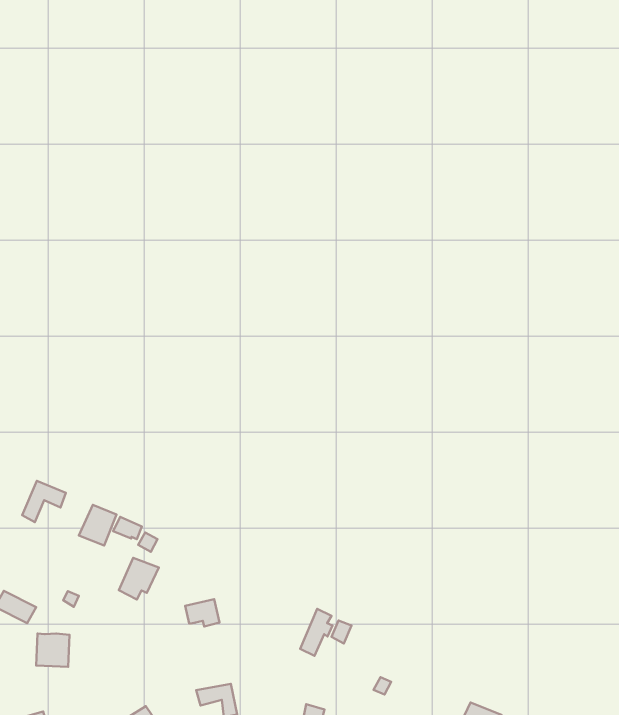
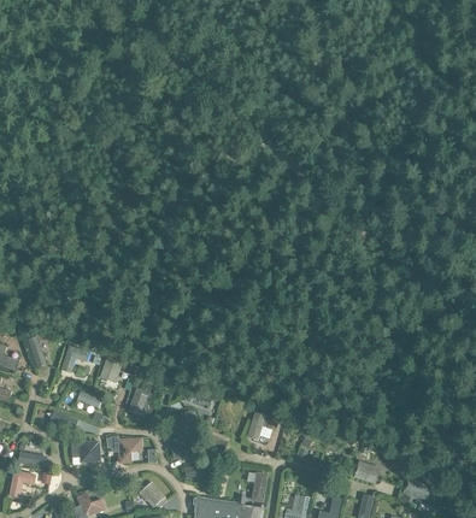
building: none -> [110,436,141,464]

